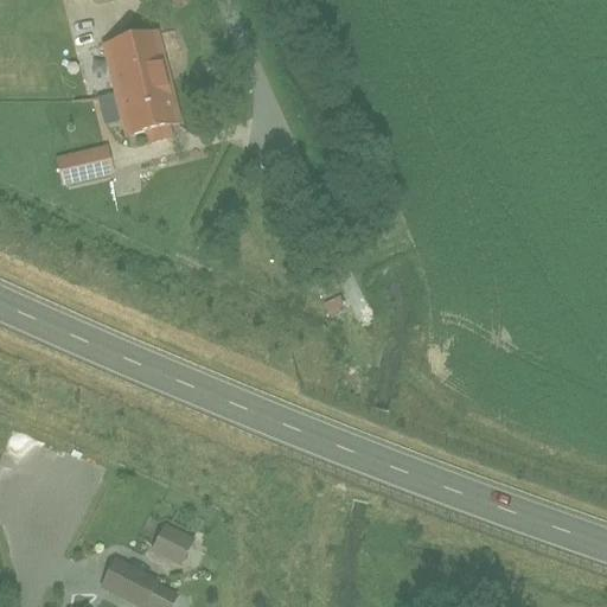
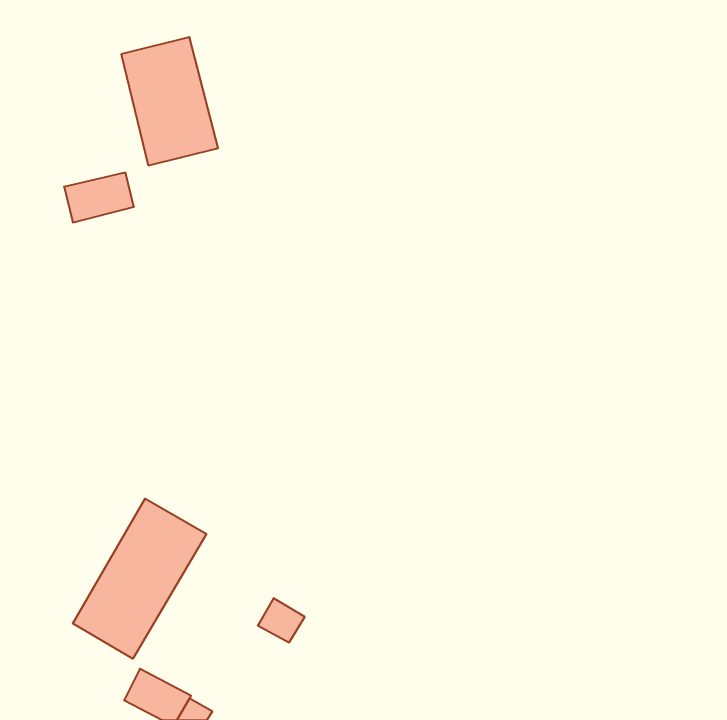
building: none -> [73,499,206,659]
building: [153,523,192,560] -> [258,598,305,642]

